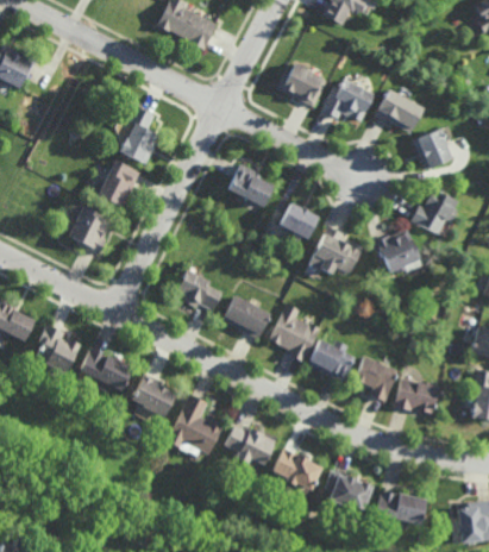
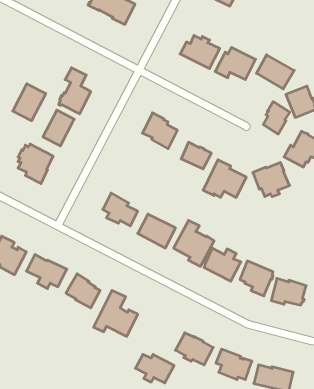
building: none -> [13,84,46,121]
building: none -> [263,102,290,134]
building: [225,427,275,464] -> [135,354,174,383]

